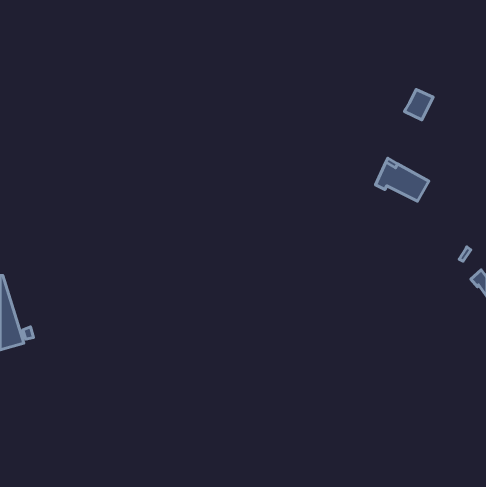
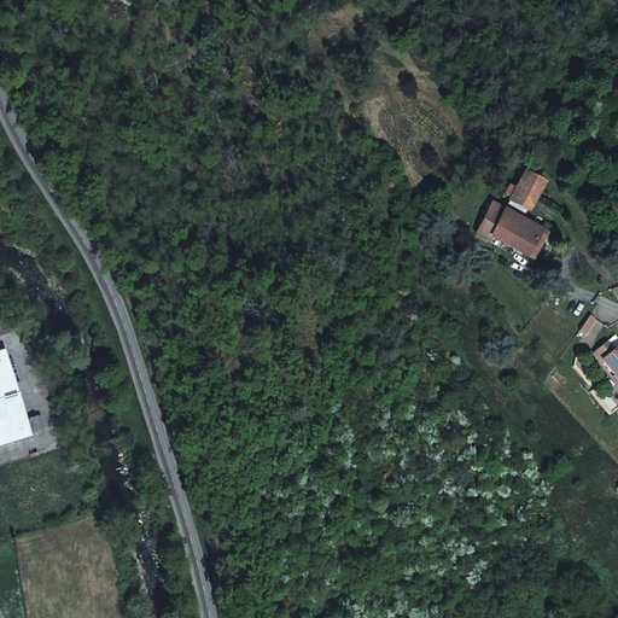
building: [405,89,433,120] -> [511,171,547,210]

